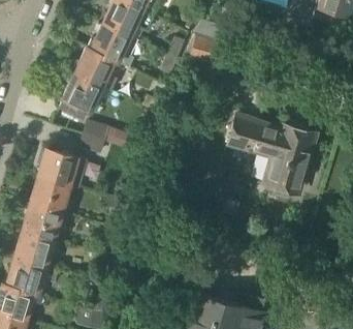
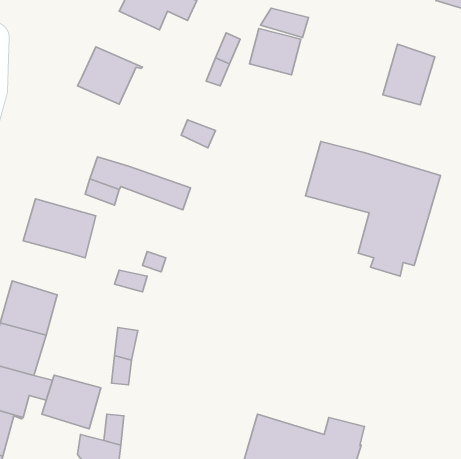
building: [87,23,134,67] -> none
building: none -> [383,44,435,105]
building: [60,72,102,118] -> none
building: [31,176,69,212] -> none
building: none -> [42,375,101,429]

